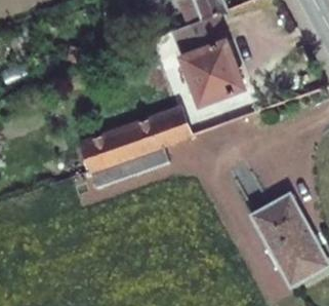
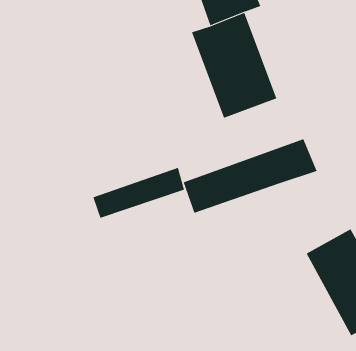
building: [81,107,192,168] -> [183,139,318,214]

